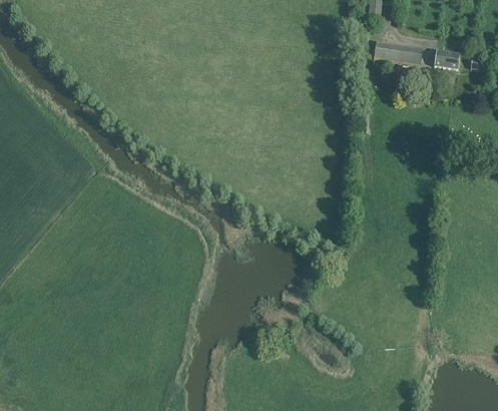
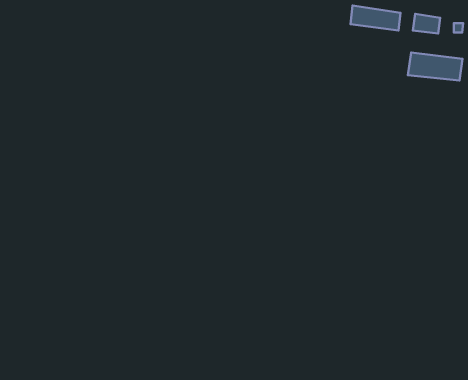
building: none -> [408,53,462,80]

